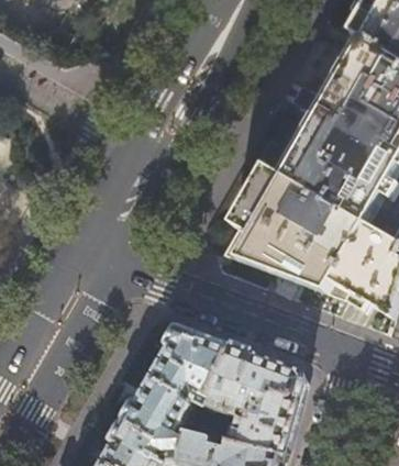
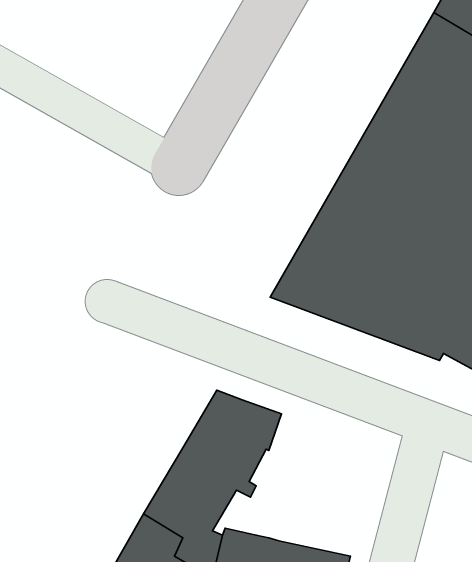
building: [200,345,303,456] -> none

